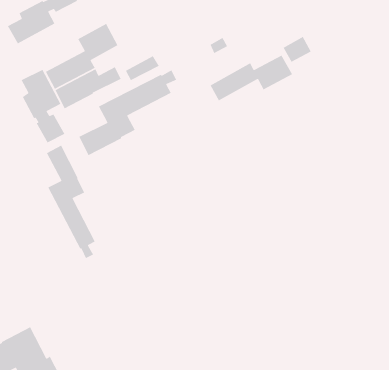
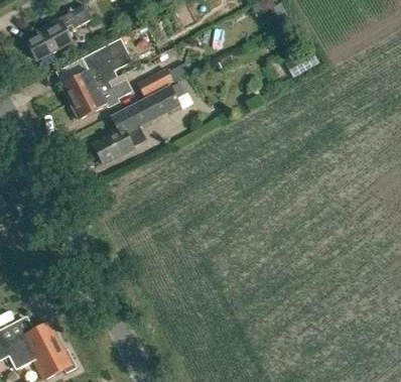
building: [209,55,293,101] -> none
building: [20,69,65,143] -> none
building: [46,145,96,259] -> none

